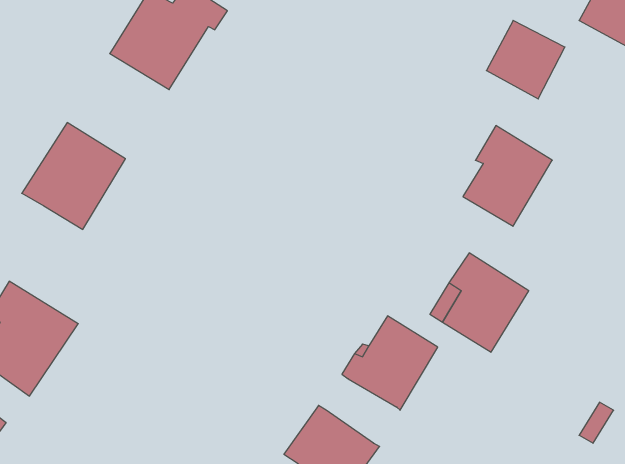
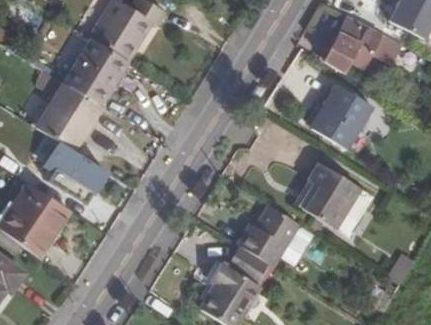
building: none -> [64,38,129,105]
building: none -> [29,135,104,200]
building: none -> [229,245,274,286]

